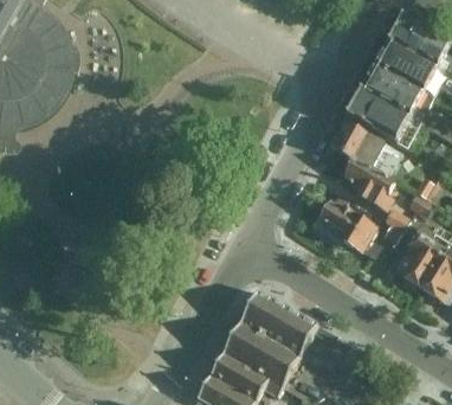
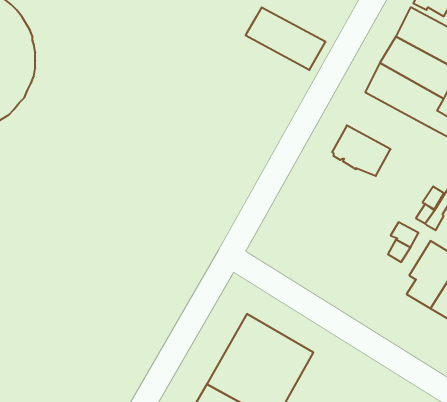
building: [350,92,421,148] -> [246,7,326,70]
building: [347,160,396,210] -> none
building: [317,201,381,257] -> none

